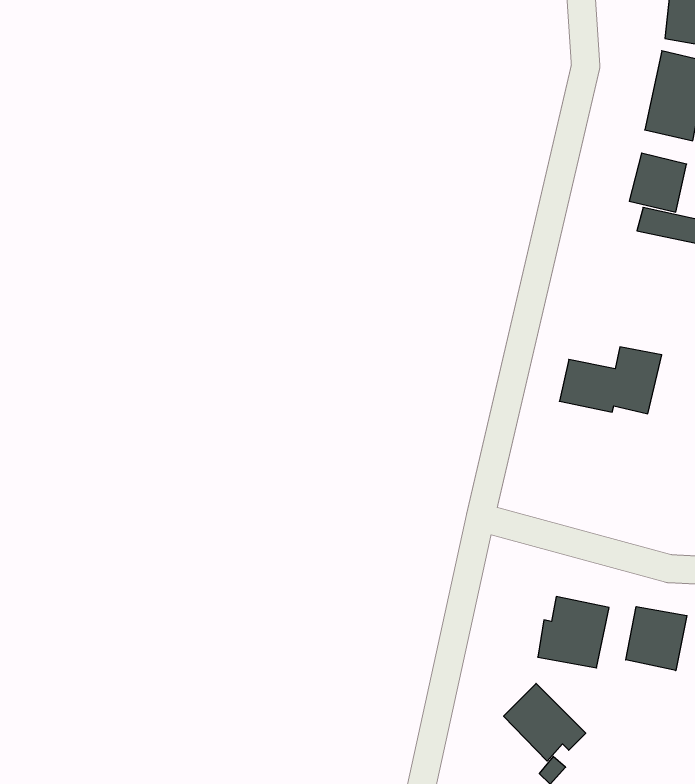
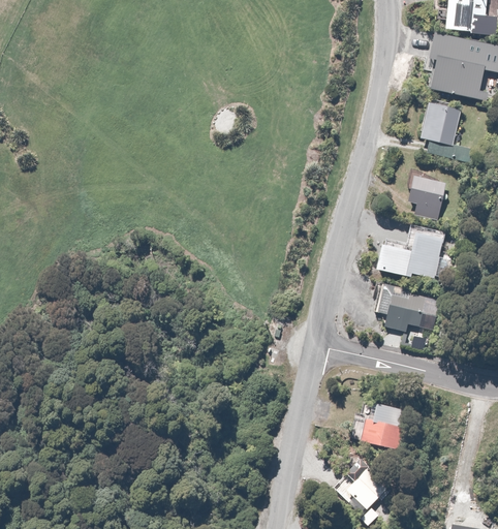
building: none -> [407,169,446,218]
building: none -> [377,284,427,330]
building: [626,607,687,671] -> none

